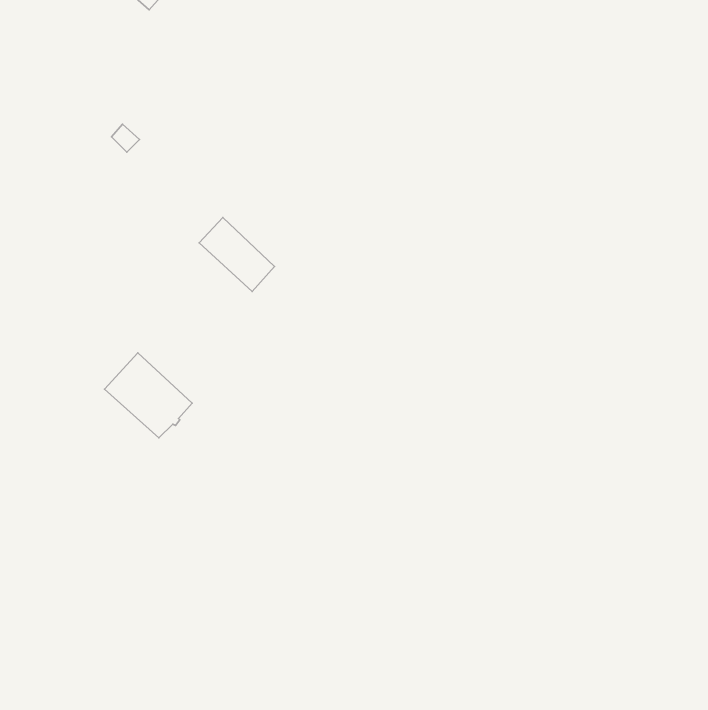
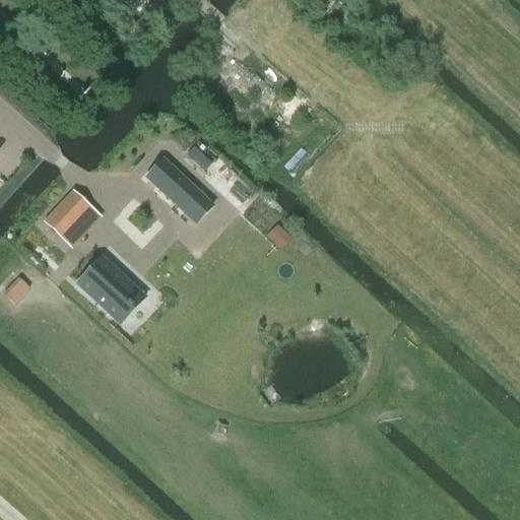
building: none -> [47,191,92,238]

